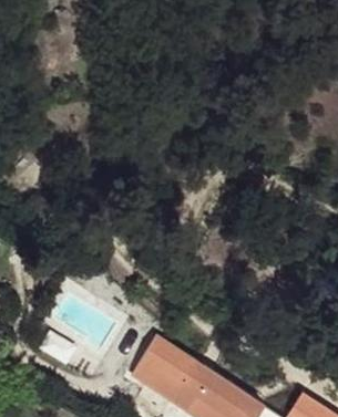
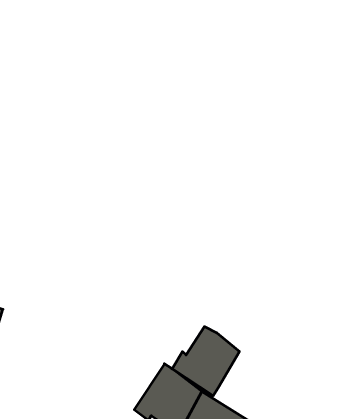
building: none -> [172,327,239,396]

